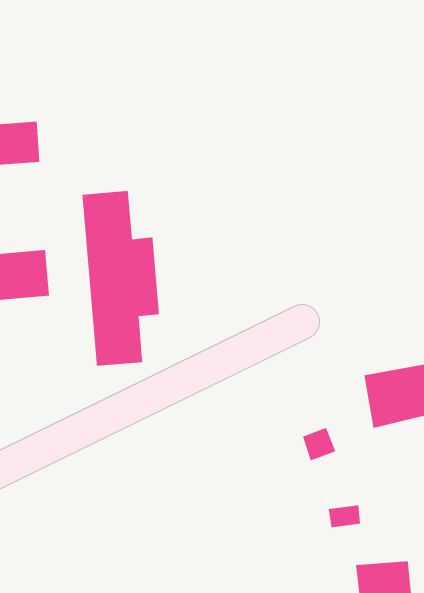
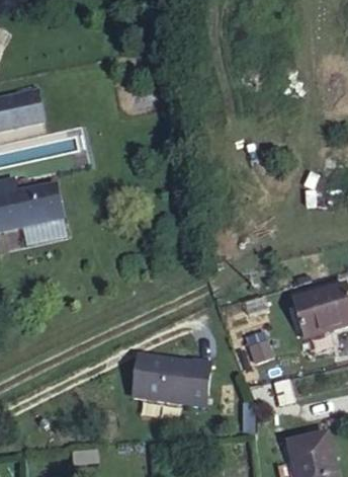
building: [82,190,159,367] -> none
building: none -> [133,347,210,398]

